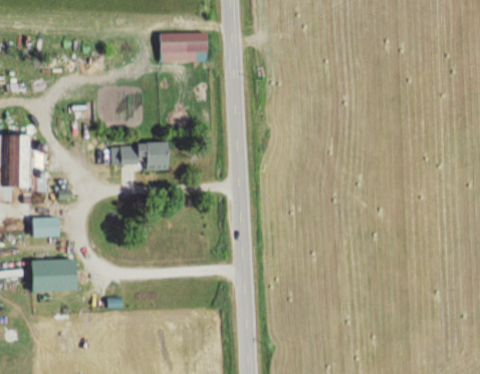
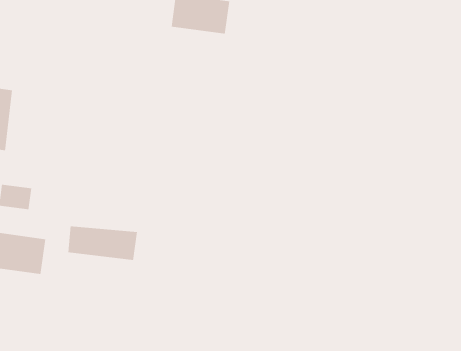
building: [109,142,169,168] -> [68,226,138,260]

